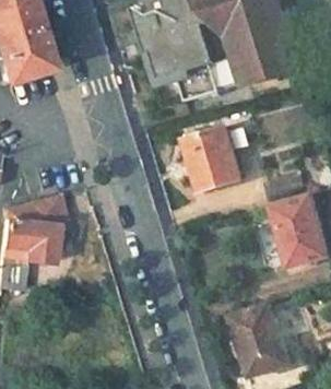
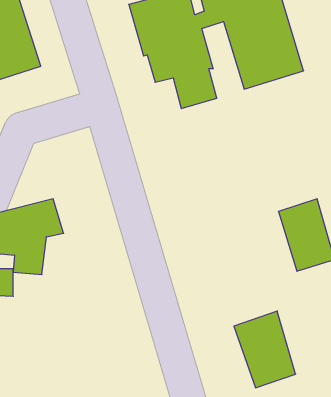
building: [191,130,245,196] -> none

